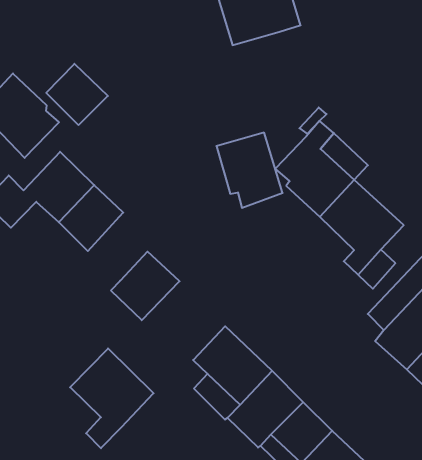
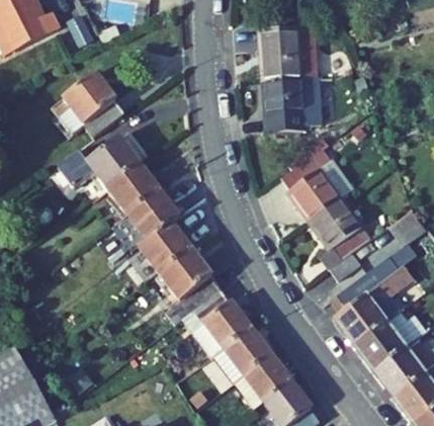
building: [46,64,108,125] -> none
building: [216,133,283,208] -> [264,75,308,129]
building: none -> [129,190,181,241]
building: [70,348,154,448] -> [161,249,223,323]

